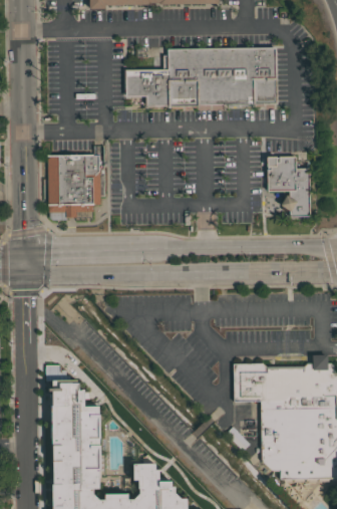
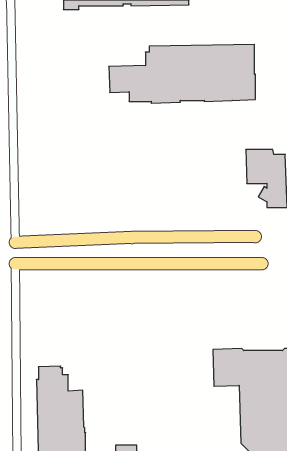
building: [48,154,105,217] -> none

